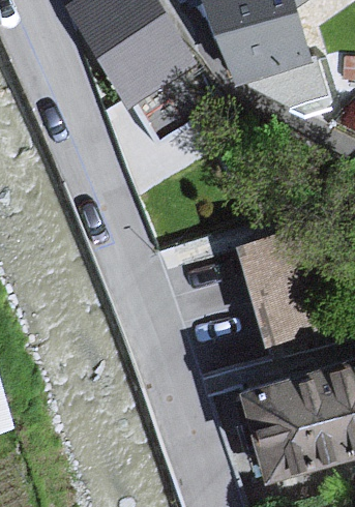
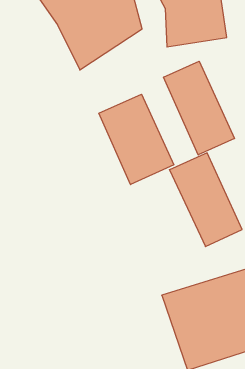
building: none -> [164,61,234,155]
building: none -> [99,94,174,185]

